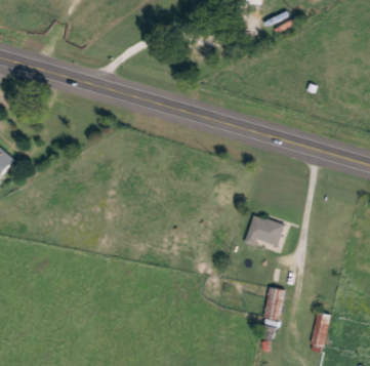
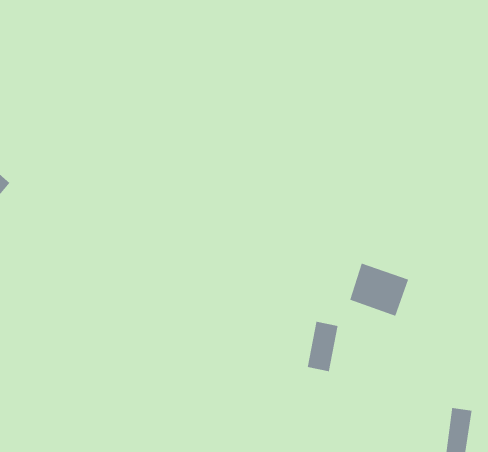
building: [263,287,285,322] -> [307,321,339,372]

